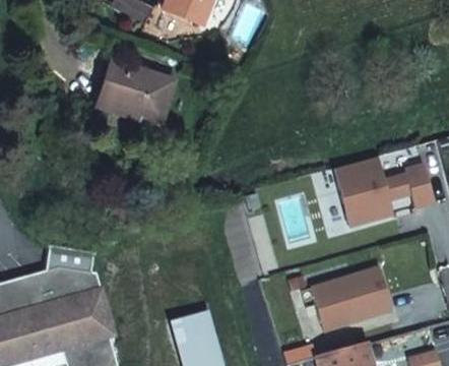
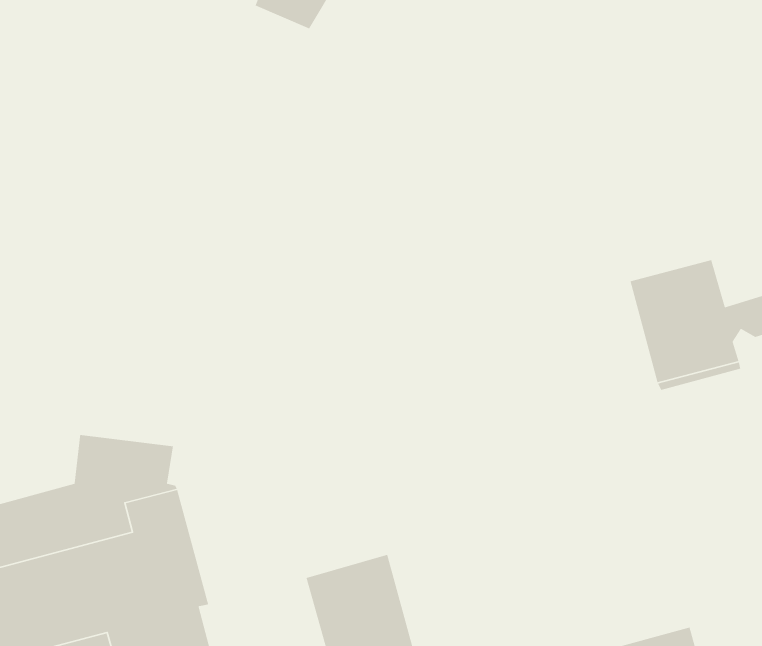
building: [98,61,173,122] -> none
building: [311,269,393,332] -> none

